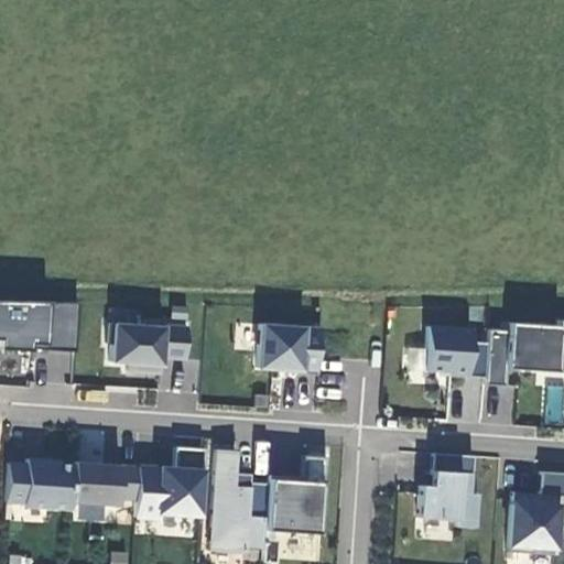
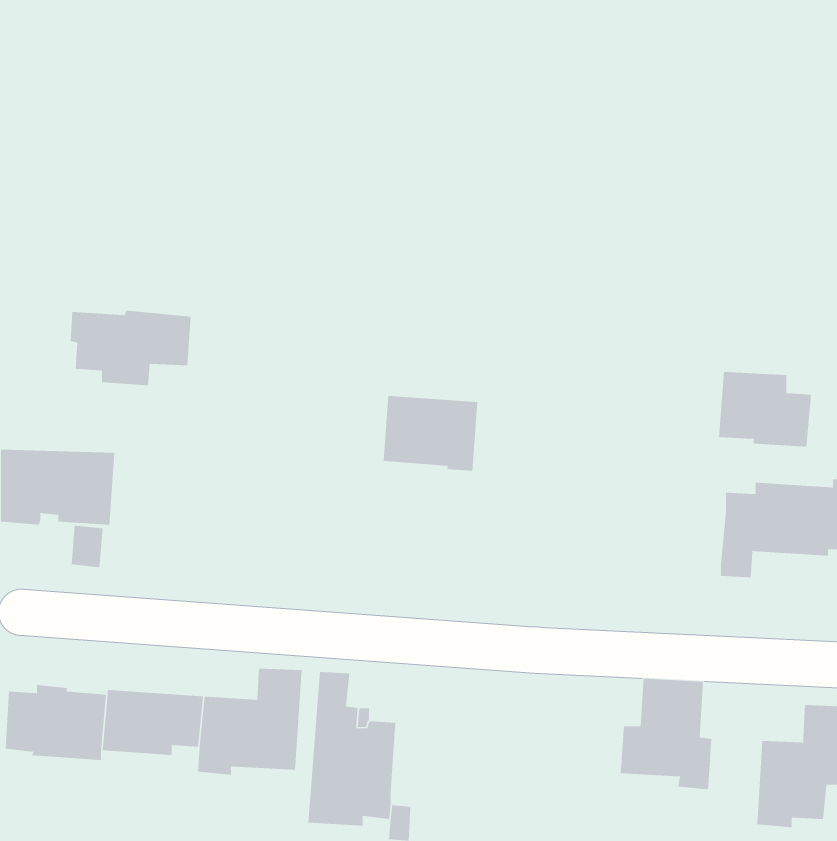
building: [107,322,188,372] -> [70,310,192,386]
building: [257,324,321,375] -> [383,395,478,471]
building: [425,327,488,378] -> [718,372,812,447]
building: [264,455,328,534] -> none

